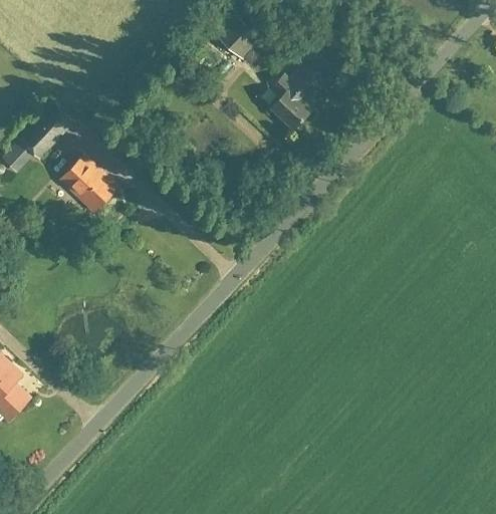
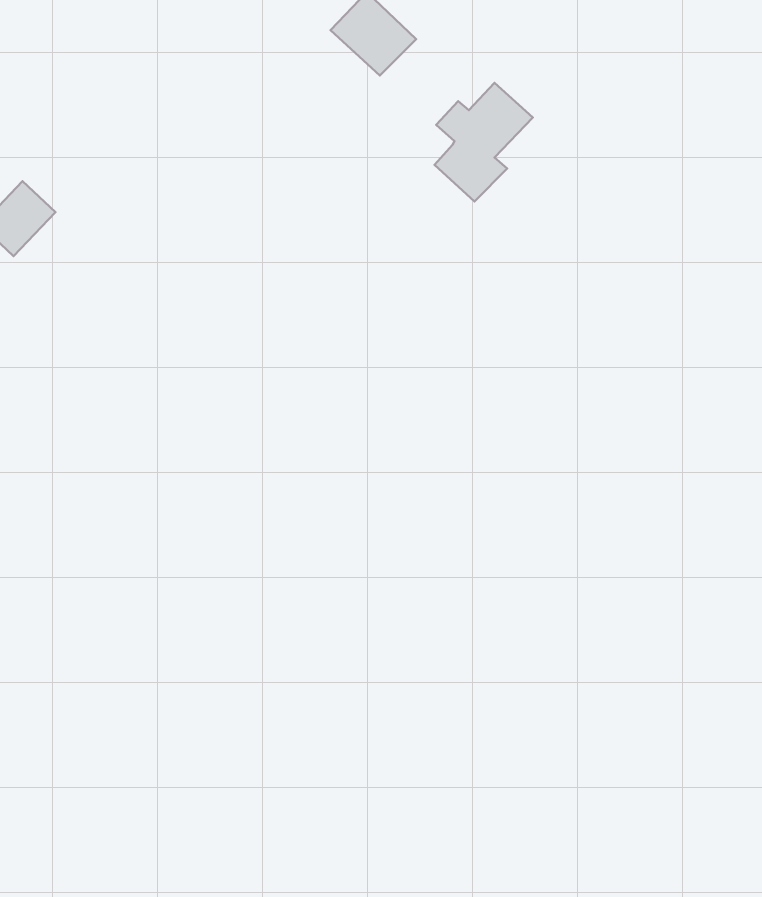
building: [58,156,116,213] -> none

